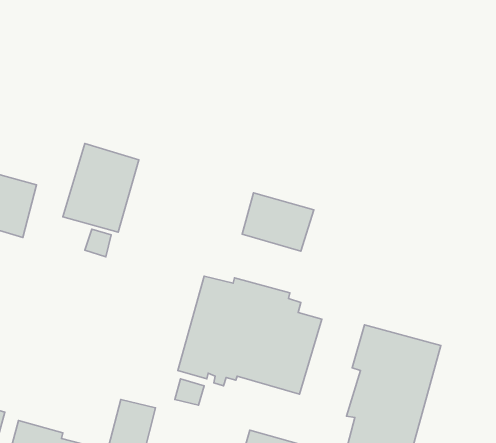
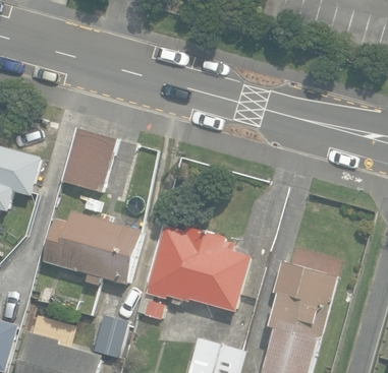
building: [242,193,314,251] -> none
building: none -> [43,210,143,287]

